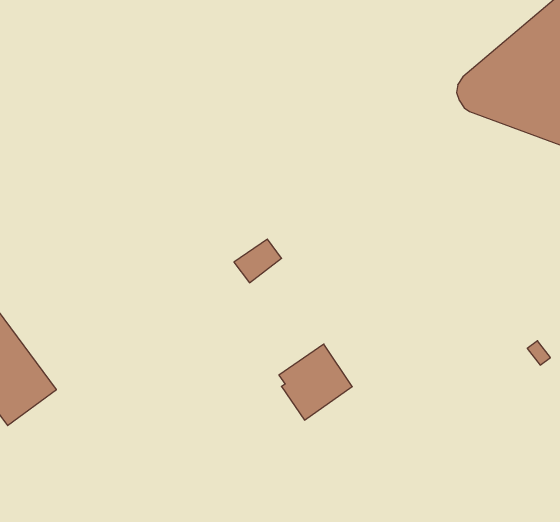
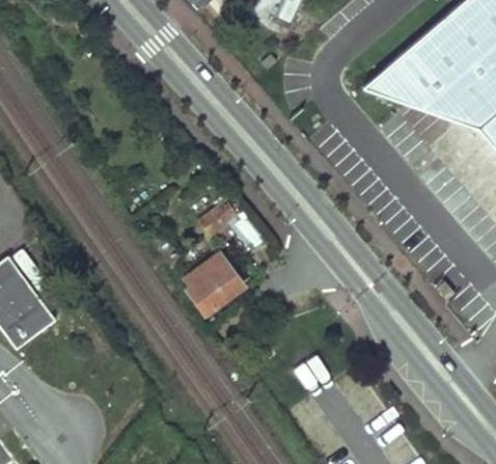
building: [279,344,352,420] -> [184,253,243,315]

